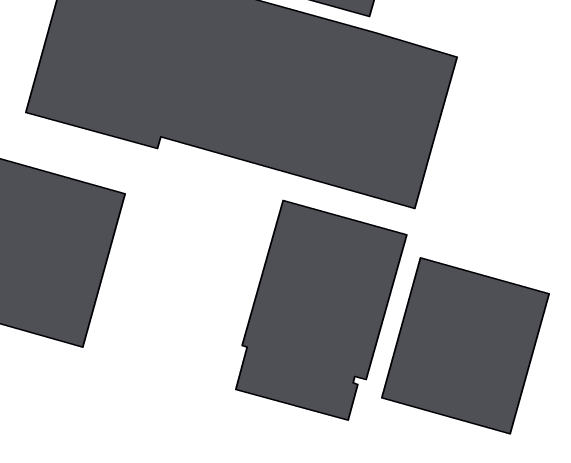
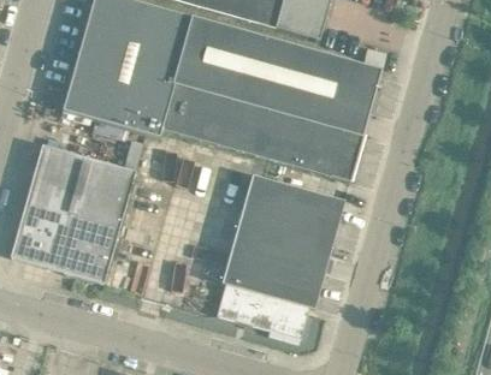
building: [382,258,549,434] -> none

